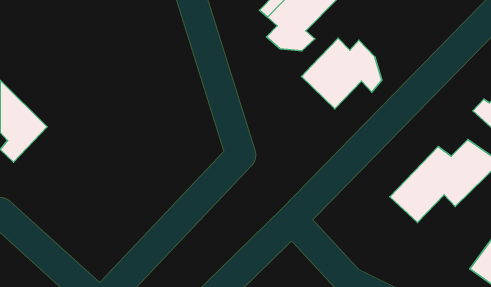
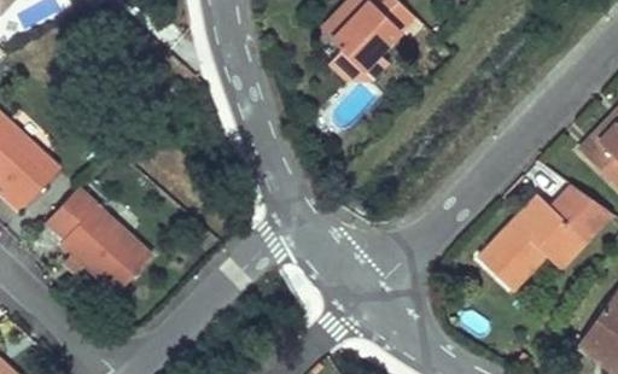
building: [301,38,382,109] -> none
building: none -> [45,189,148,296]

